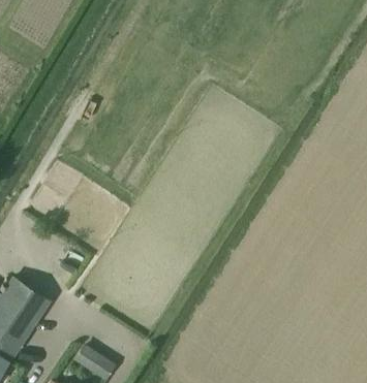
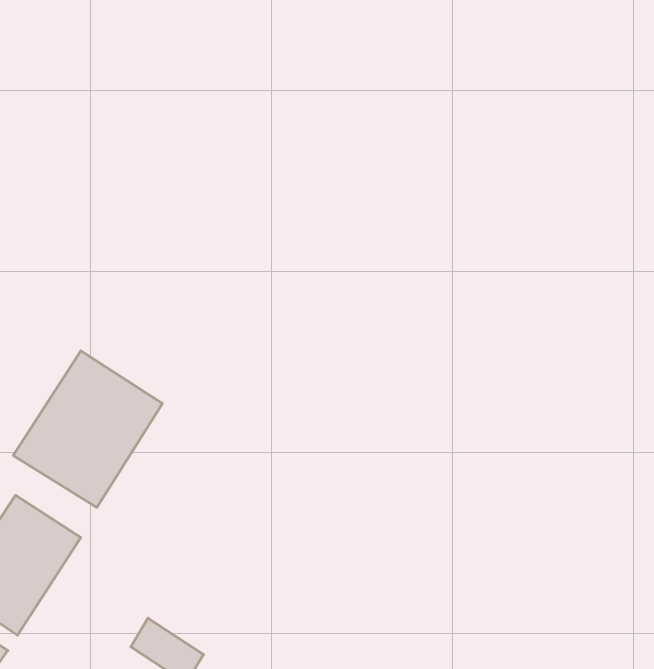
building: none -> [13,351,162,507]

